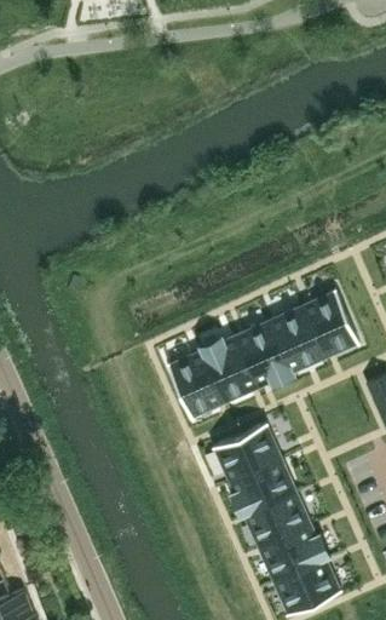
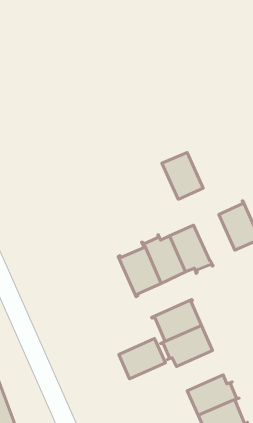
building: [269,309,324,372] -> [162,152,203,199]
building: [246,493,309,547] -> [119,339,165,379]

